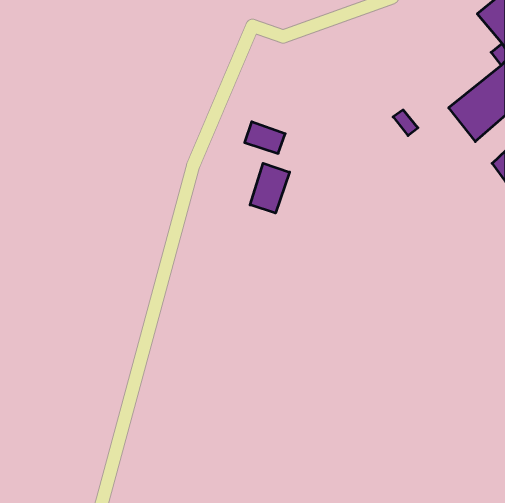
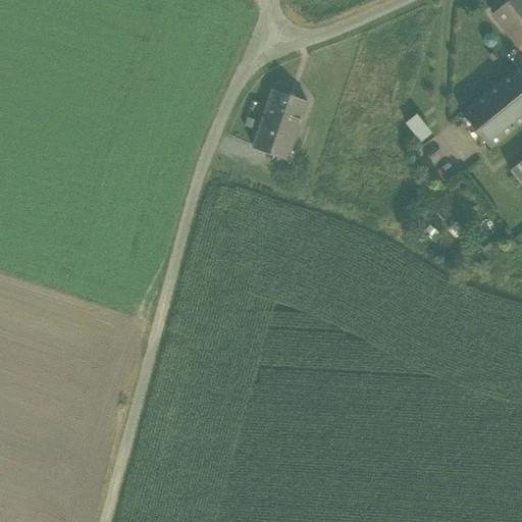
building: none -> [260,89,307,138]
building: [250,163,290,213] -> none

